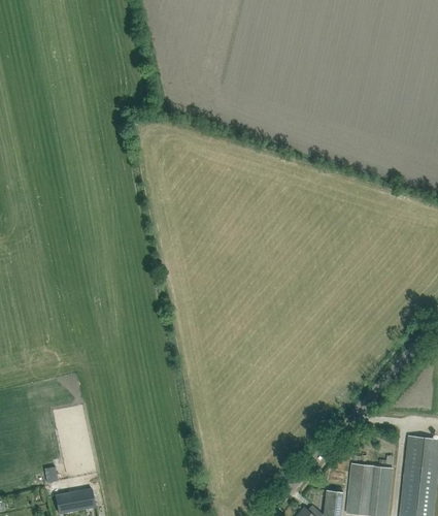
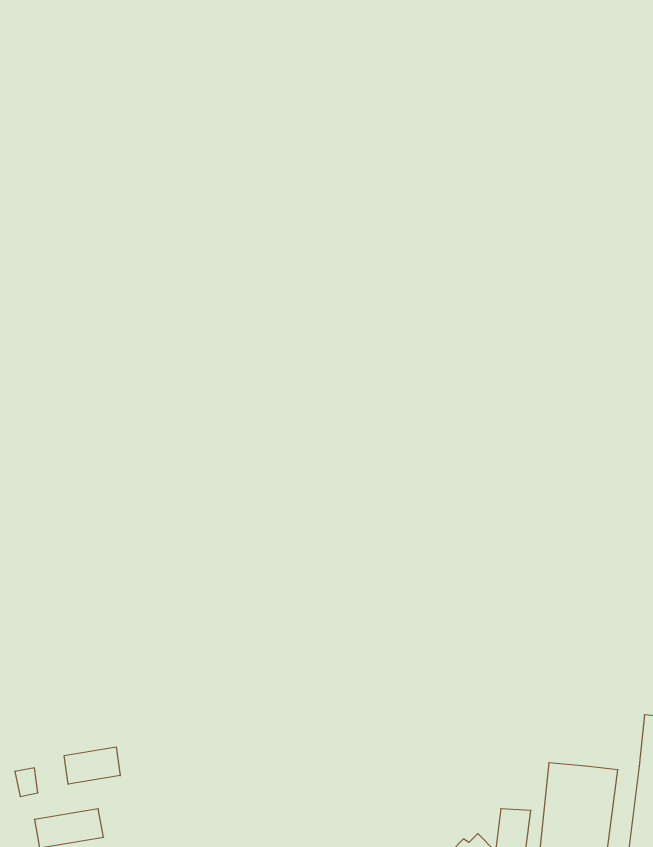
building: none -> [64,747,120,784]

